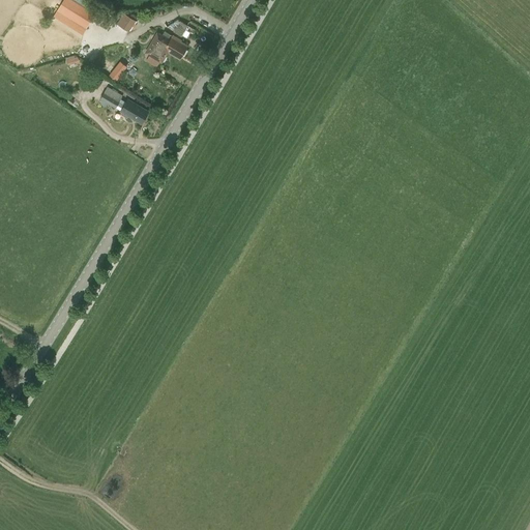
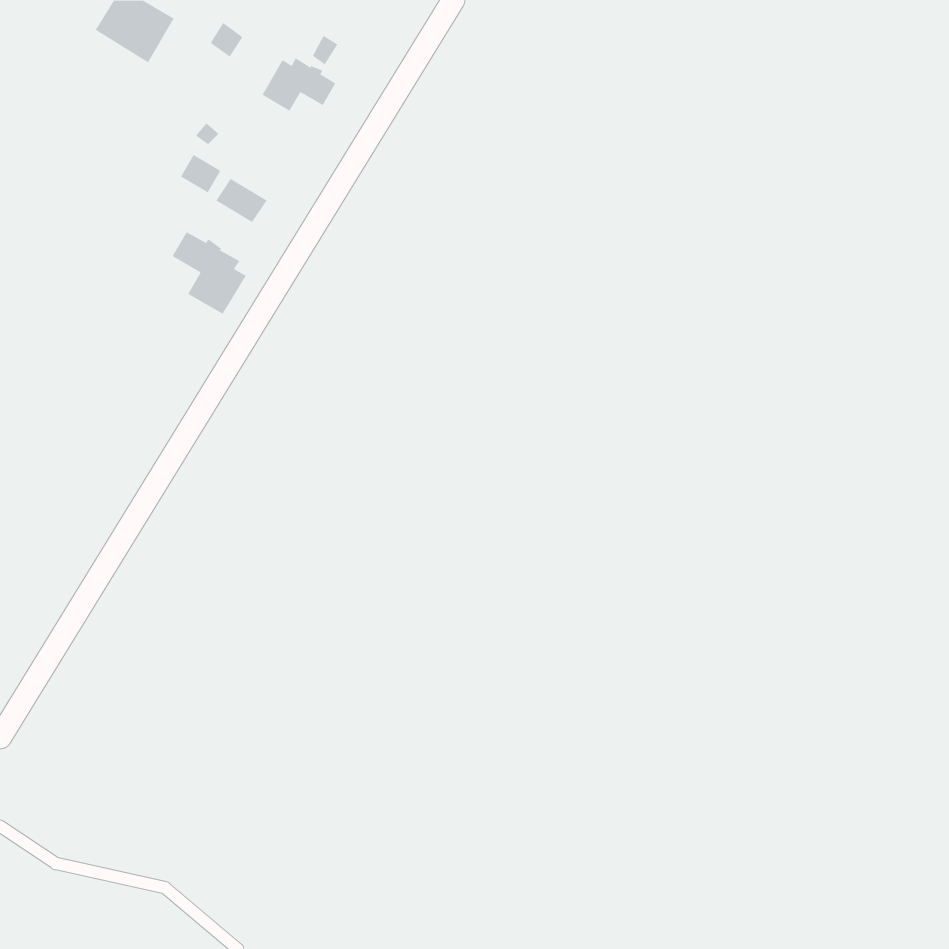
building: none -> [172,231,246,315]

